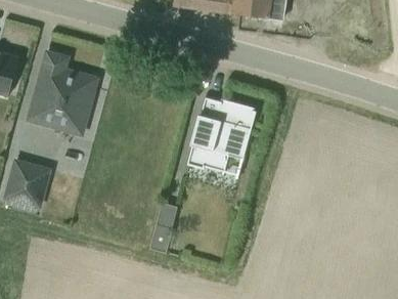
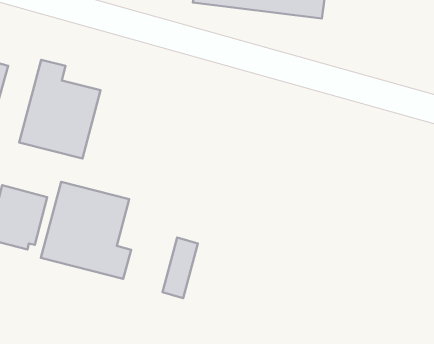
building: [187,97,256,175] -> none
building: none -> [41,182,131,279]

